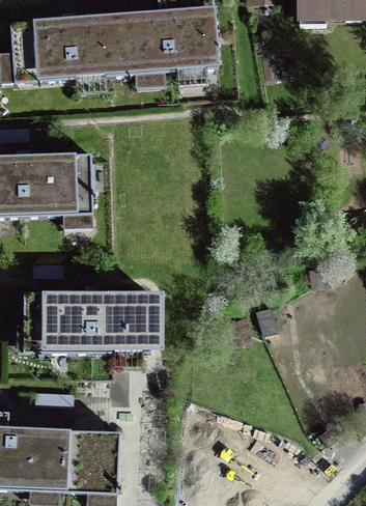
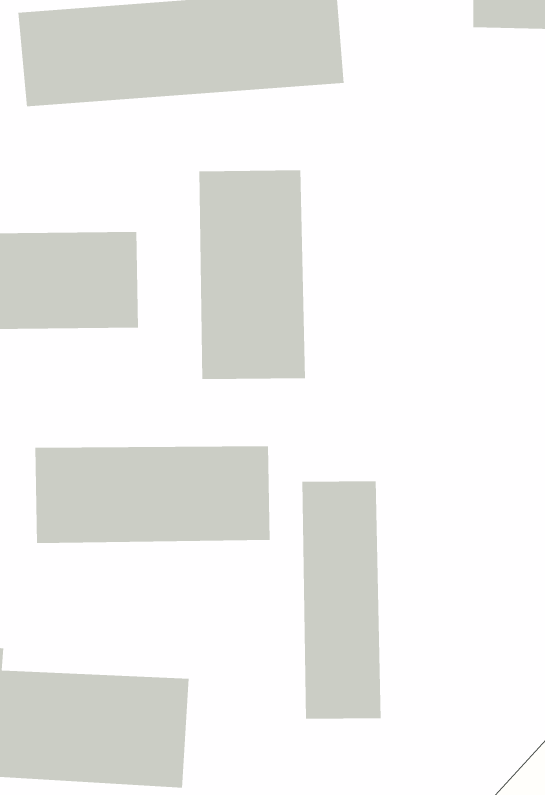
building: none -> [199,170,306,380]
building: none -> [302,481,381,720]

